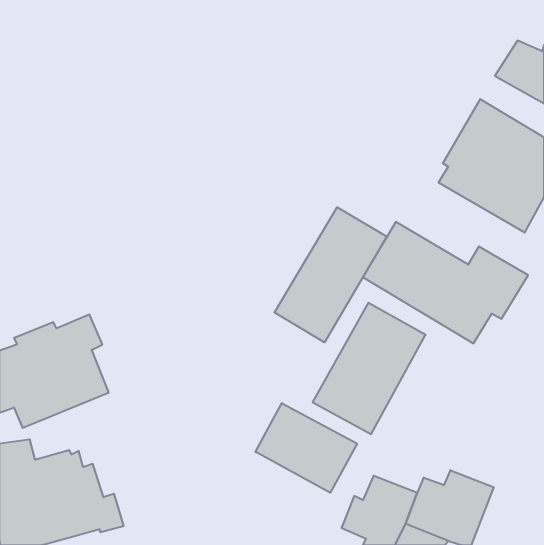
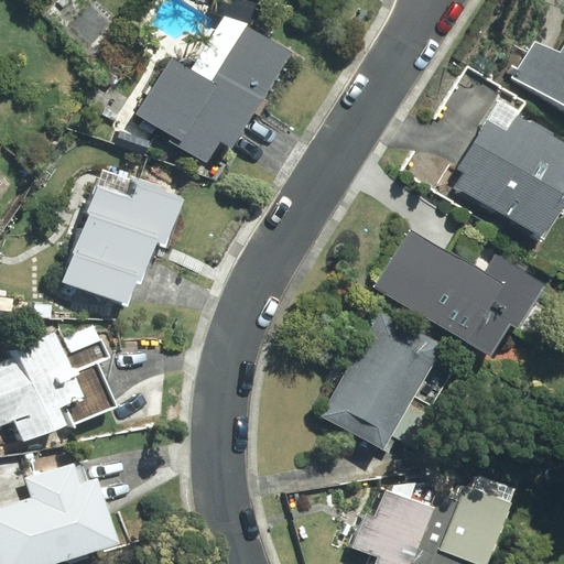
building: none -> [135,15,291,162]
building: none -> [65,166,186,304]
building: [274,207,387,342] -> none
building: [255,403,357,493] -> none

